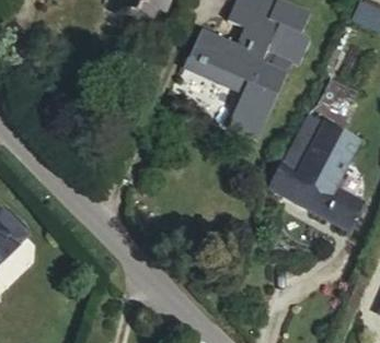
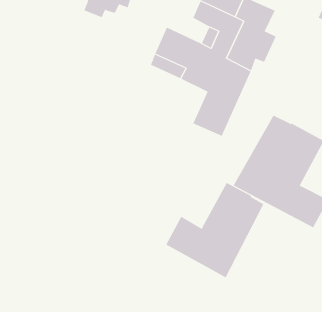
building: none -> [165,182,264,278]

